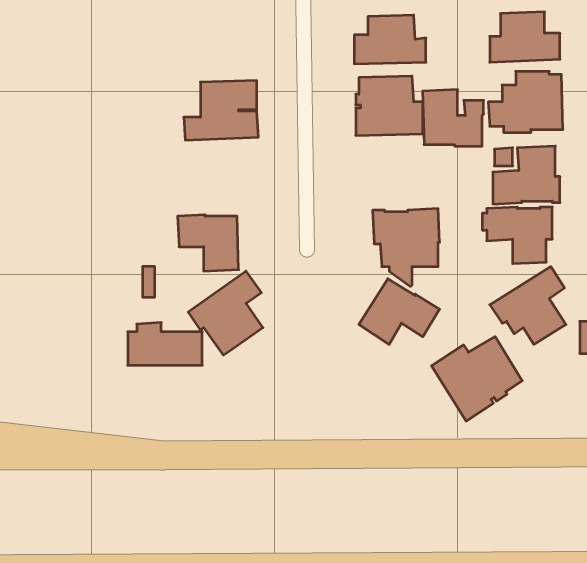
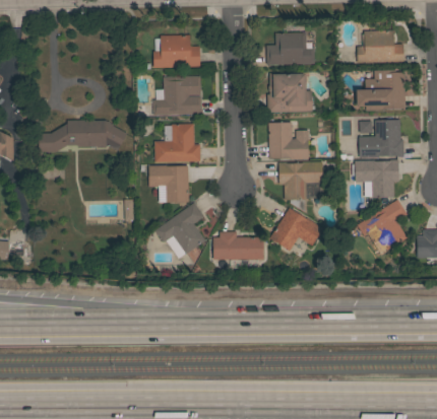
building: none -> [153,34,200,68]
building: [423,90,484,146] -> [268,122,309,159]
building: none -> [39,120,127,152]
building: none -> [154,124,200,162]
building: [128,323,202,365] -> [213,231,263,260]
building: [432,337,522,421] -> none

